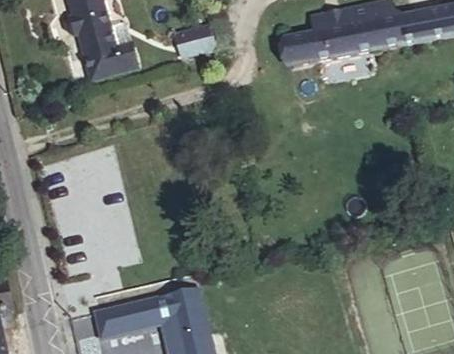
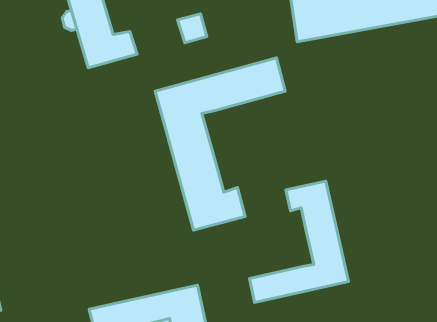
building: none -> [155,58,285,230]
building: none -> [250,181,348,302]

